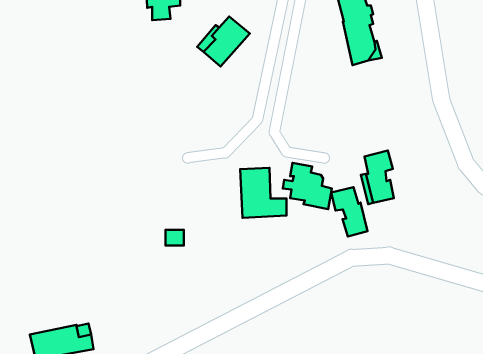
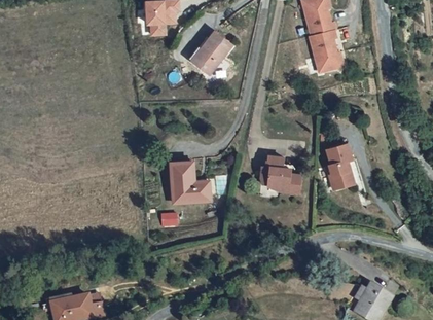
building: [240,168,286,218] -> [170,161,209,203]
building: [331,187,368,237] -> none
building: none -> [355,271,393,312]

